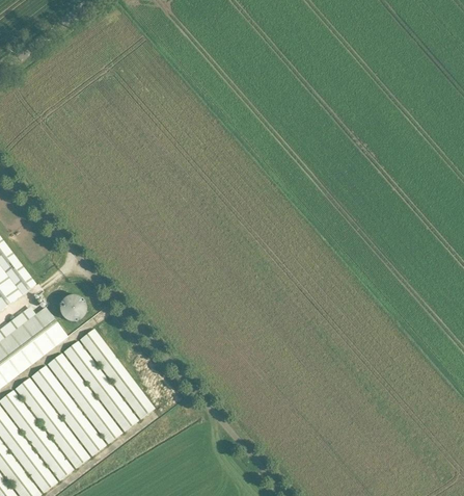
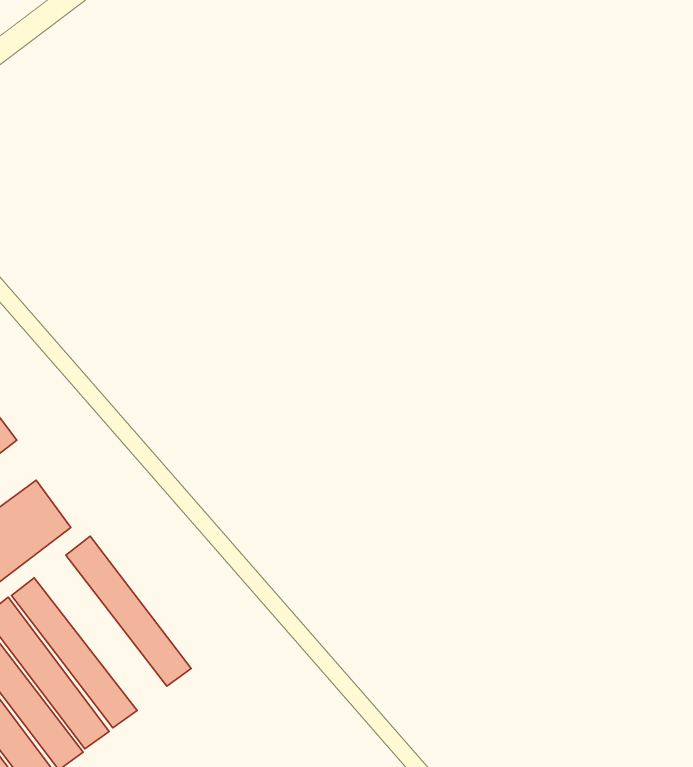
building: [58,295,85,322] -> none
building: [79,329,153,419] -> none
building: [46,354,120,444] -> none

